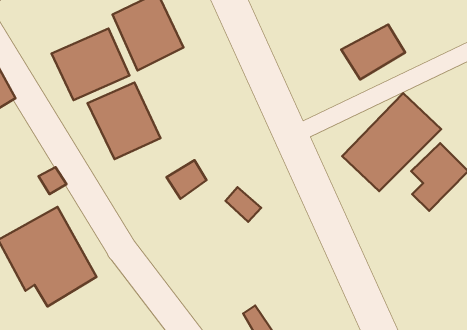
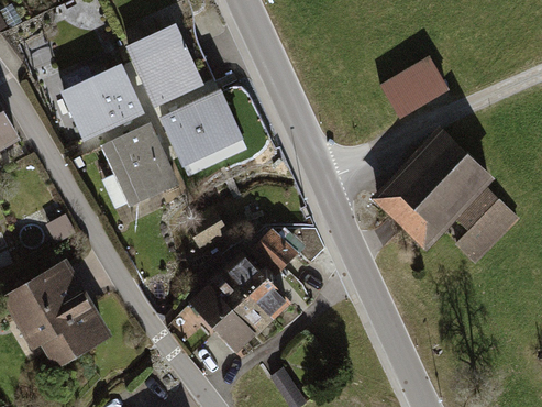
building: none -> [157,87,246,178]
building: none -> [188,249,290,353]

